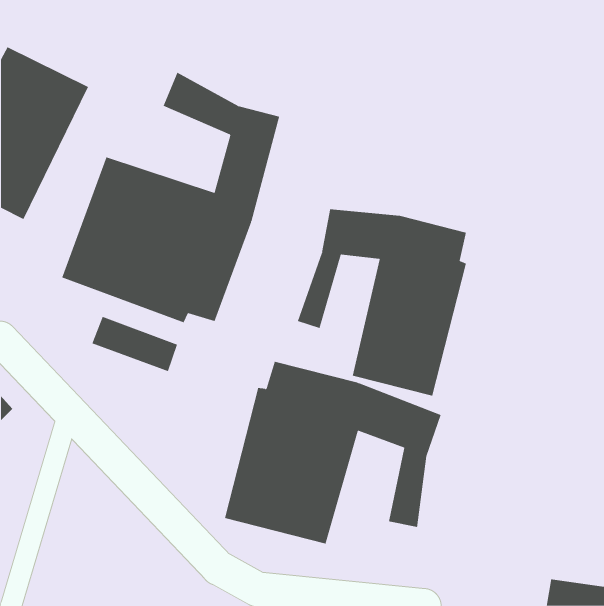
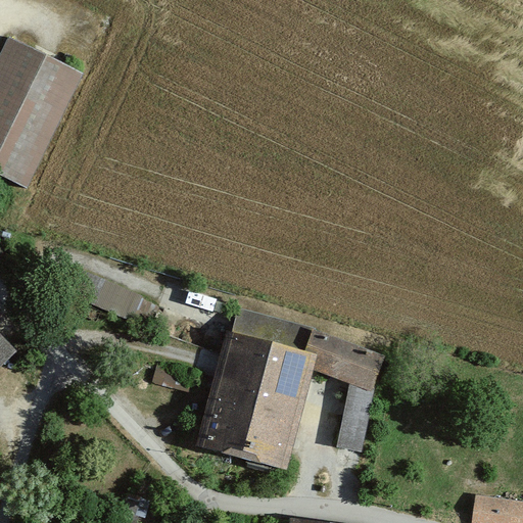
building: [61,72,280,323] -> none
building: [297,208,466,396] -> none

